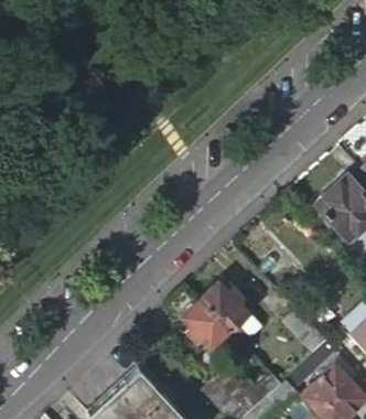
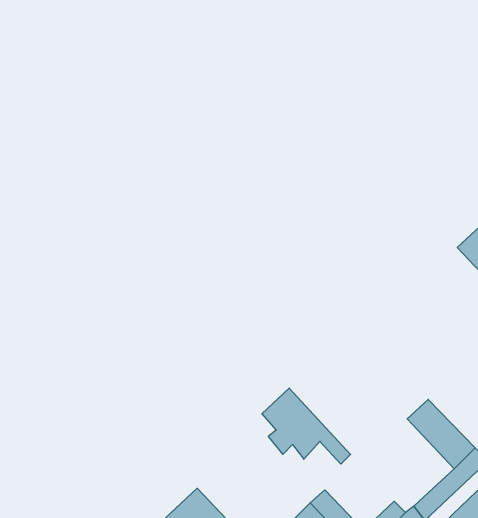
building: [201,281,261,344] -> none

